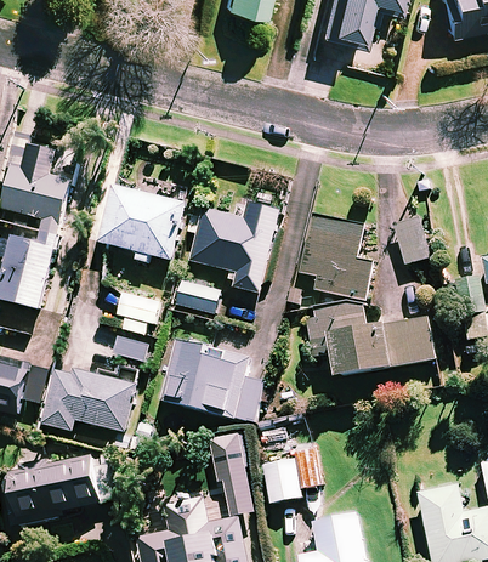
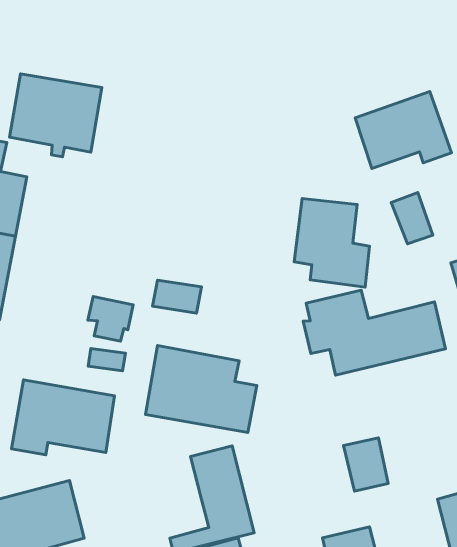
building: none -> [355,91,452,168]
building: [98,185,183,261] -> [9,74,102,157]
building: [186,201,279,293] -> none
building: [262,454,300,500] -> [343,438,388,491]

